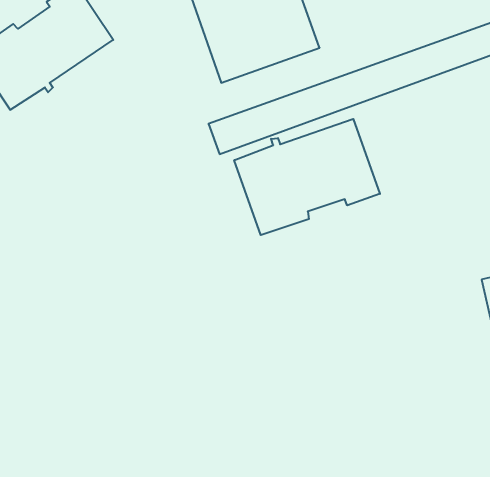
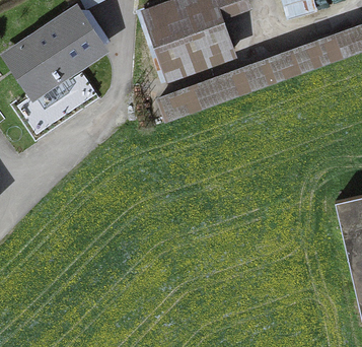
building: [234,119,380,235] -> none

